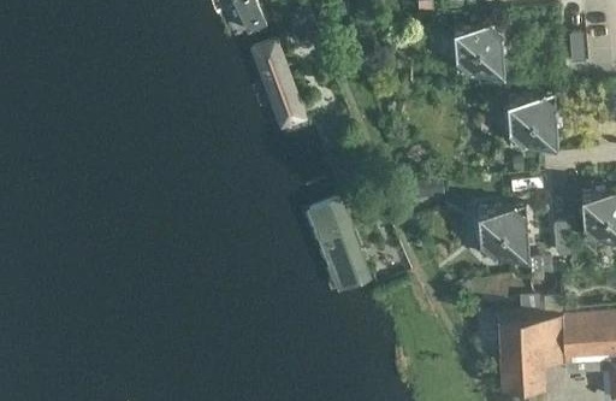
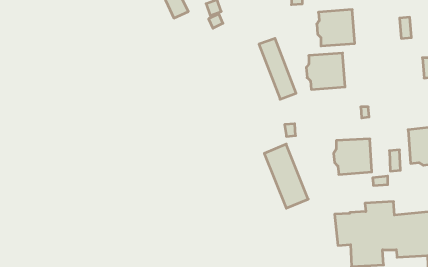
building: [253,46,306,132] -> [259,38,296,99]
building: [505,96,561,148] -> [306,53,345,89]
building: [312,205,374,296] -> [264,144,308,208]

